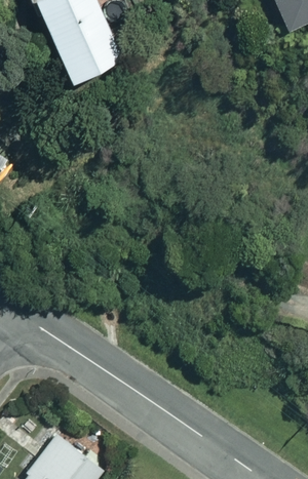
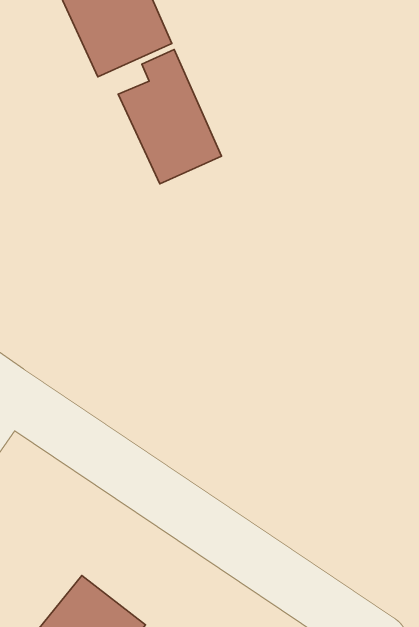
building: none -> [118,49,222,184]

